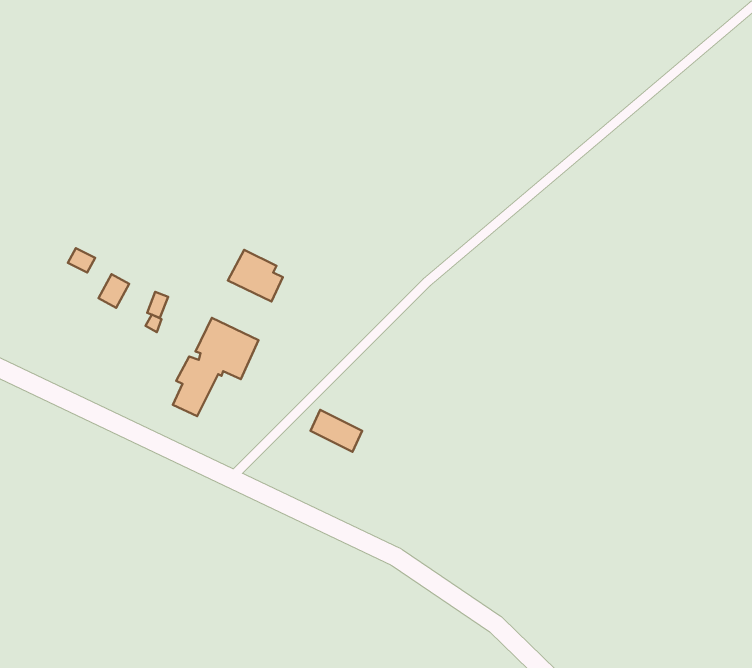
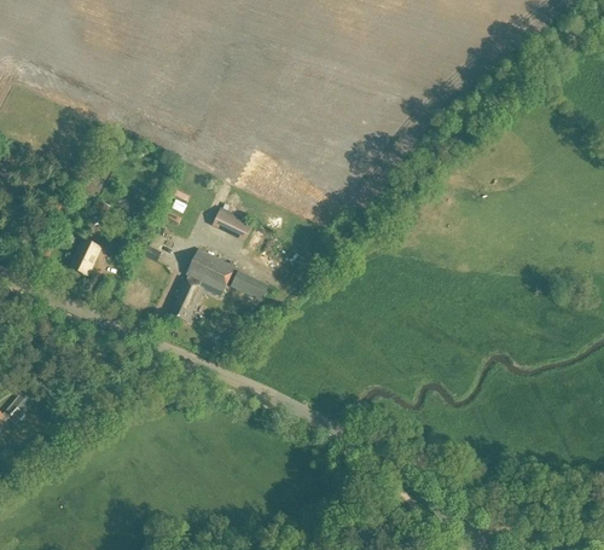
building: none -> [68,238,101,276]
building: [311,410,362,452] -> [228,270,267,301]

